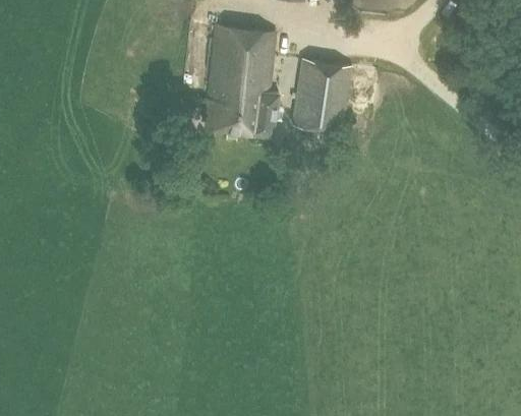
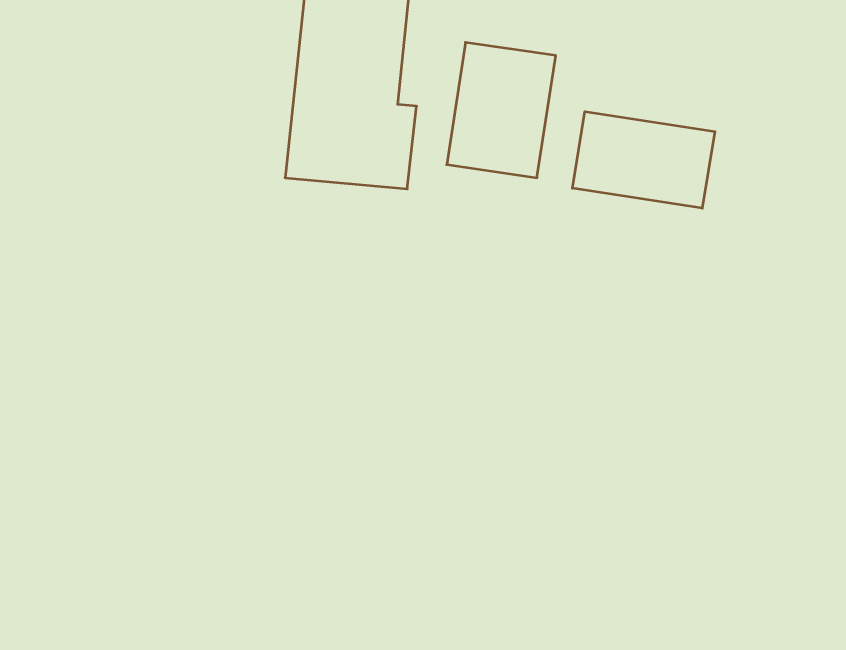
building: none -> [572,112,715,208]

